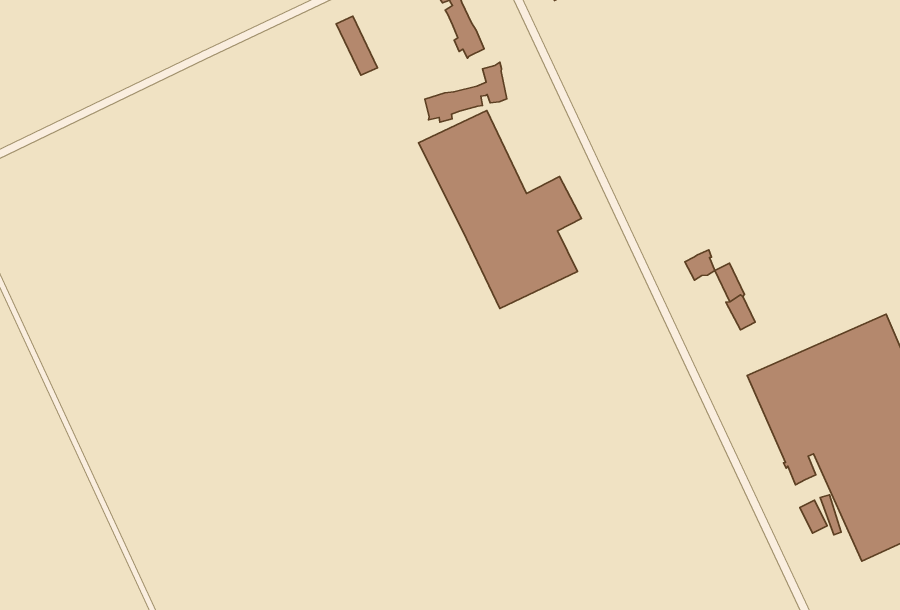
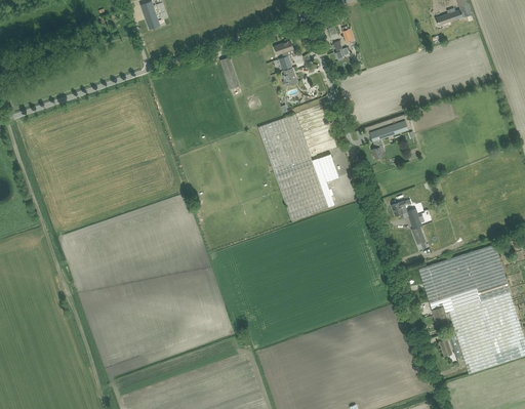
building: [425,62,507,122] -> none
building: none -> [370,119,408,157]

